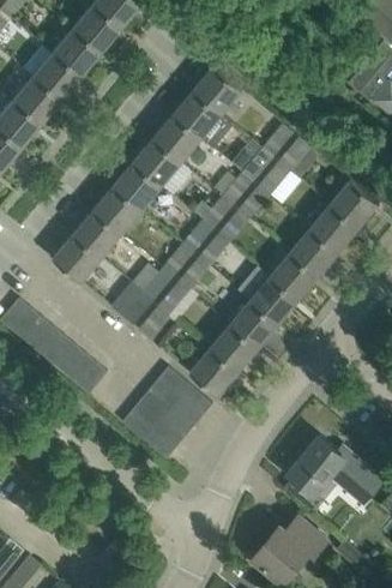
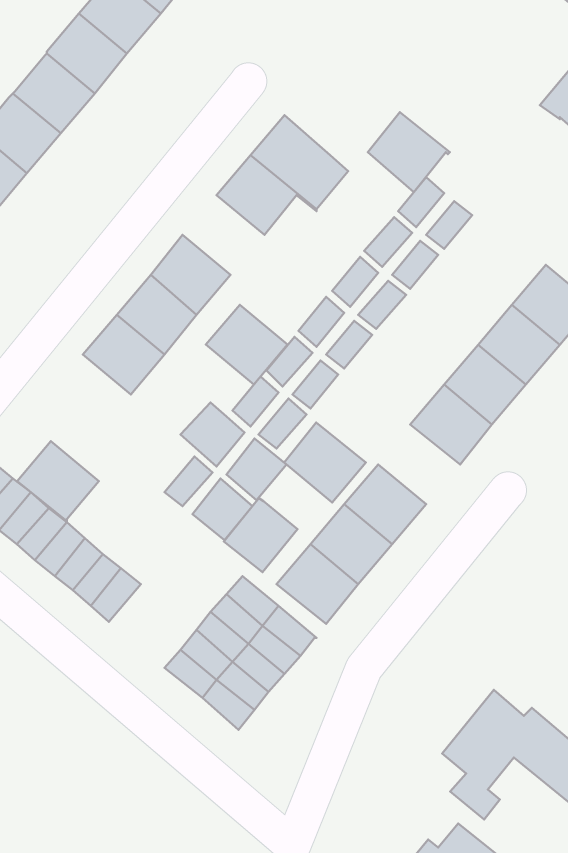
building: [194,65,243,113] -> [368,112,450,192]
building: [133,137,182,185] -> [206,305,288,385]
building: [53,233,102,281] -> [17,441,99,521]
building: [251,275,300,323] -> [284,423,366,502]
building: none -> [224,498,298,572]

